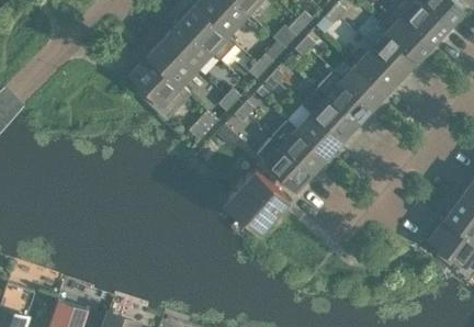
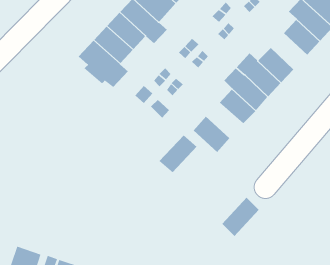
building: [359,49,402,92] -> none
building: [274,124,326,173] -> none
building: [242,183,287,230] -> [222,197,260,237]

